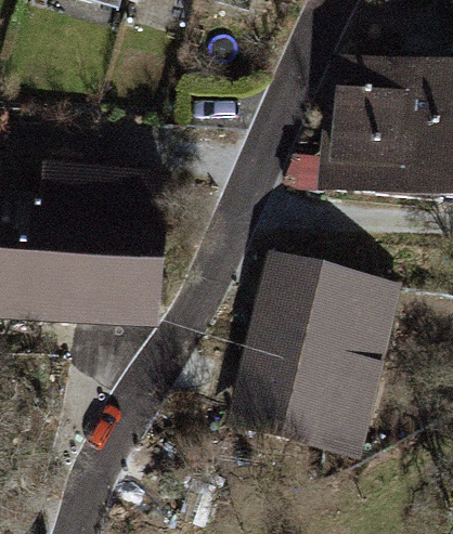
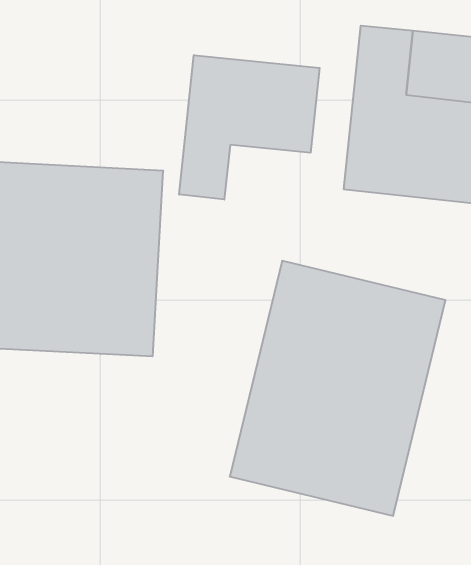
building: none -> [179,55,320,200]

